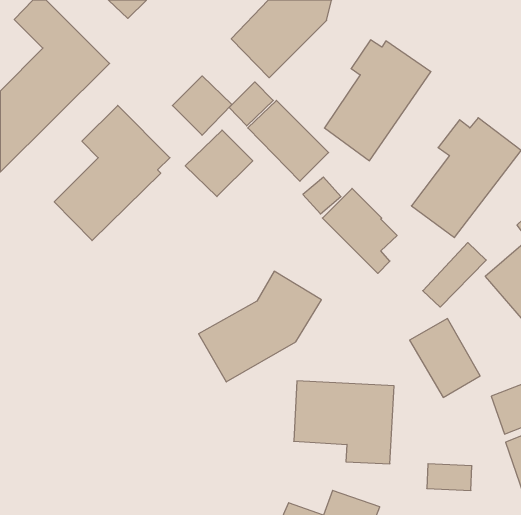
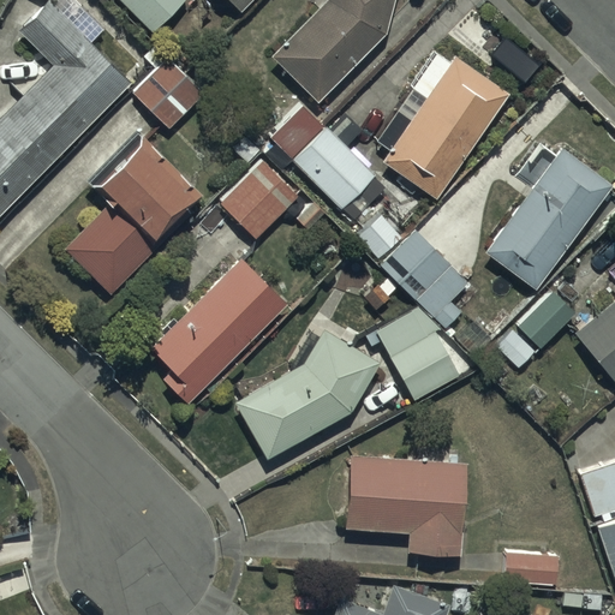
building: [172,76,232,135] -> [135,60,204,130]
building: none -> [153,258,291,402]
building: [410,319,480,397] -> [375,308,458,400]

